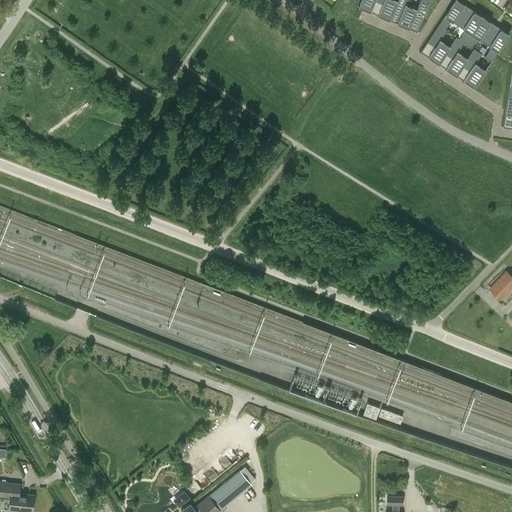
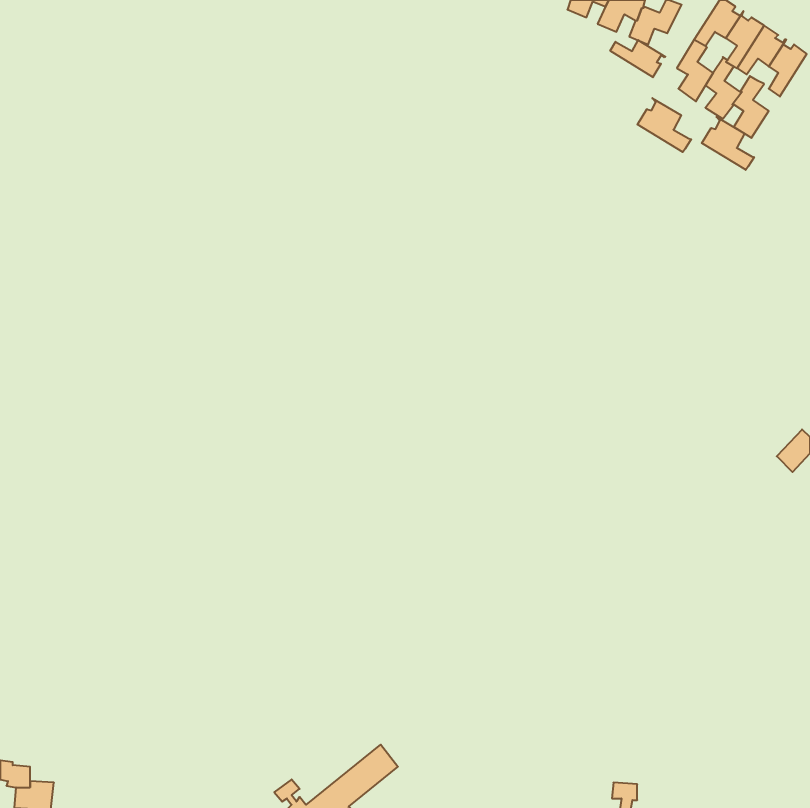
building: none -> [610,40,665,77]
building: none -> [637,98,691,152]
building: none -> [702,117,754,170]

